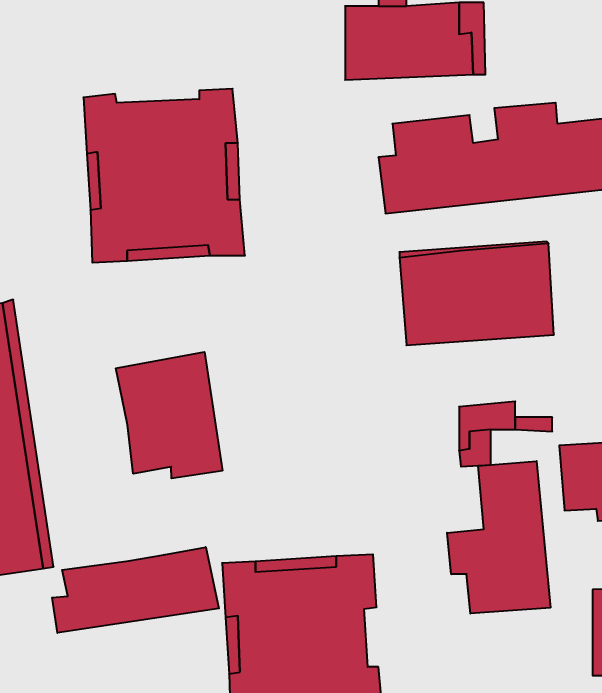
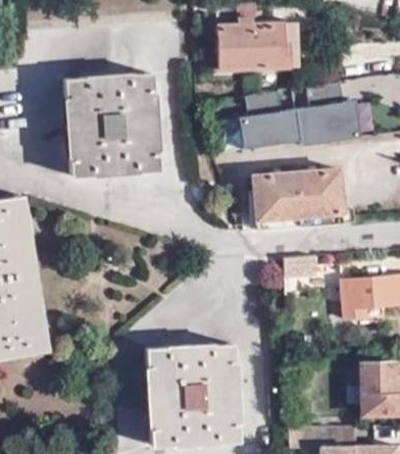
building: [116,352,222,478] -> none
building: [447,461,550,614] -> none
building: [52,547,219,633] -> none

